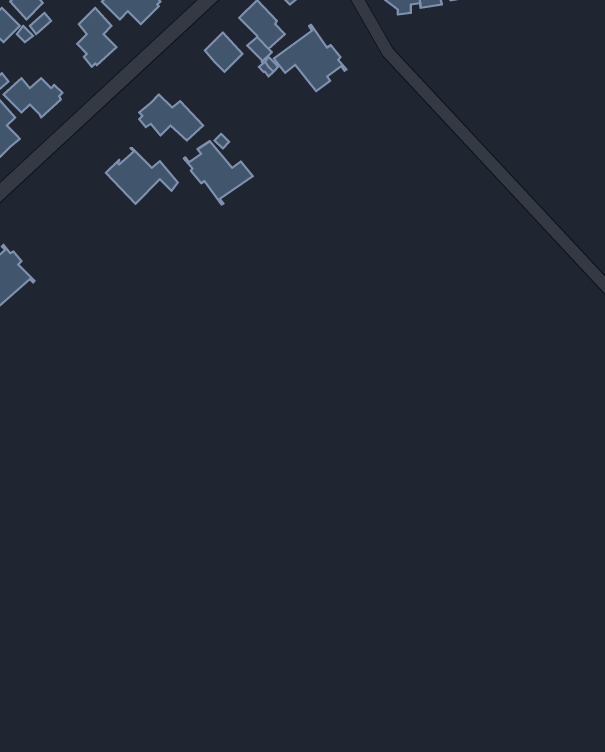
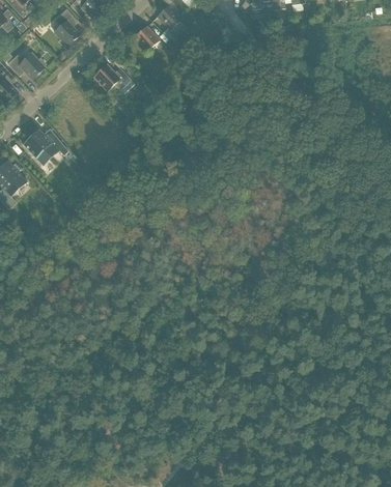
building: [274,25,346,91] -> none
building: [184,141,253,204] -> none
building: [106,148,178,204] -> [23,127,68,163]

